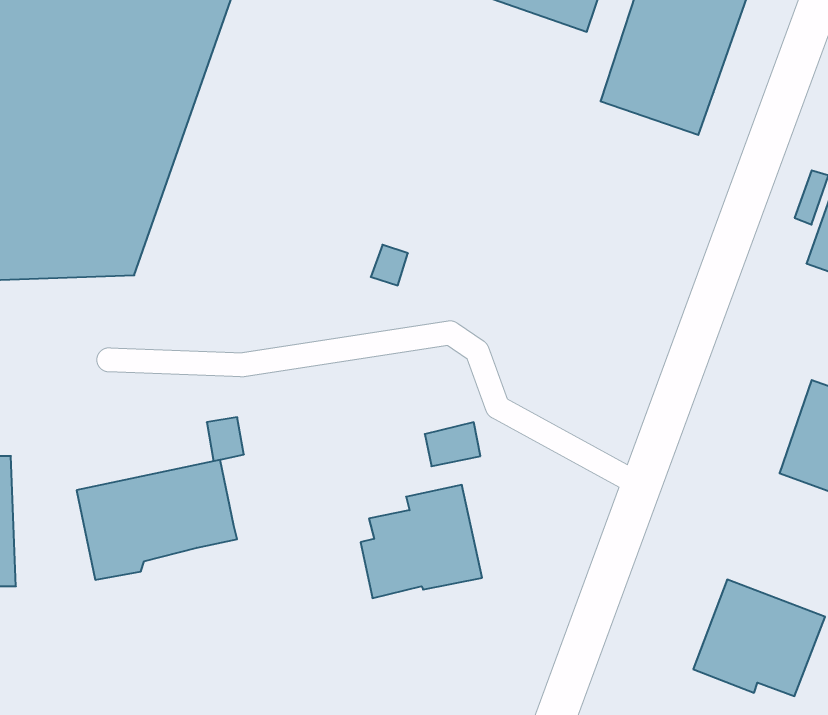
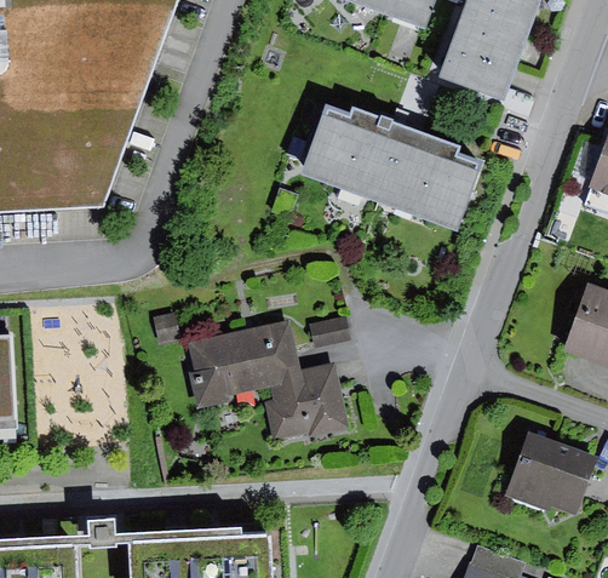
building: none -> [302,107,483,231]
building: [77,460,237,580] -> [184,320,299,406]

